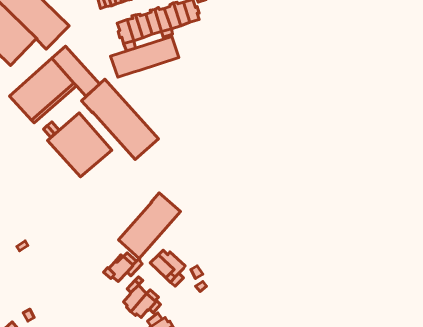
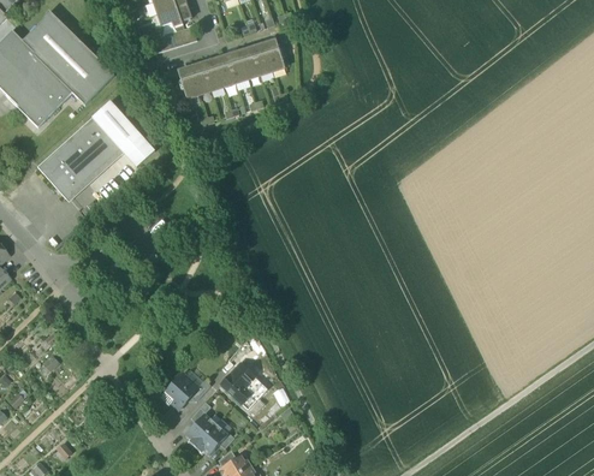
building: [111,37,179,77] -> none
building: [82,79,159,159] -> none
building: [48,113,112,177] -> none
building: [119,193,181,258] -> none

